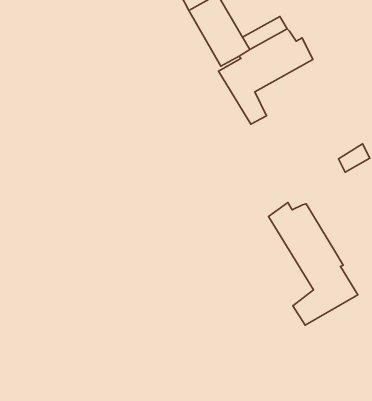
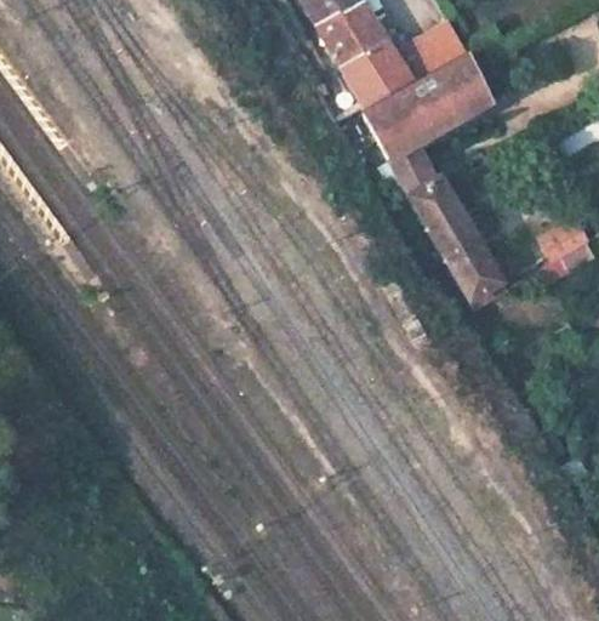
building: none -> [410,176,503,306]
building: [269,203,358,325] -> none

